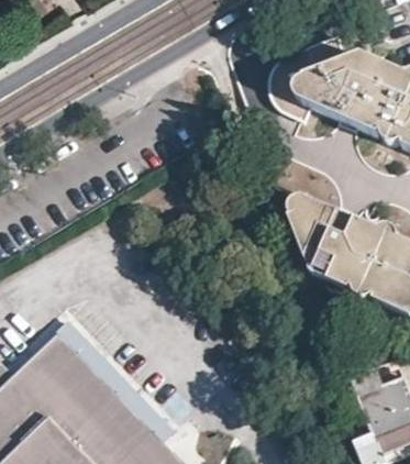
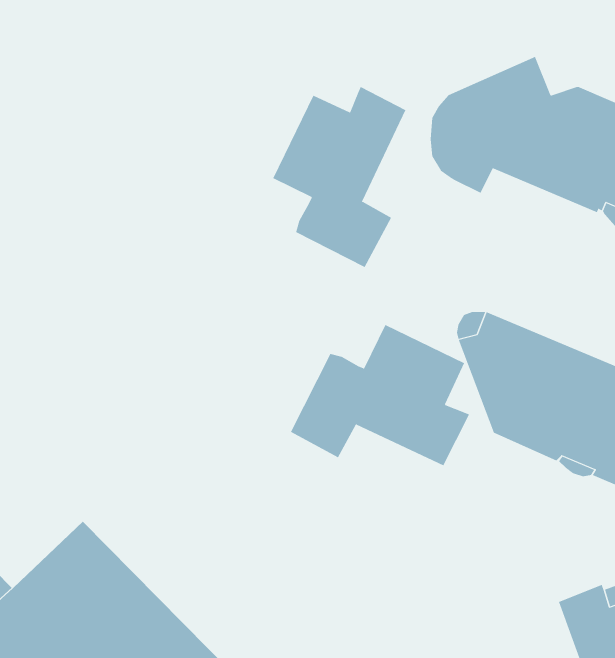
building: none -> [273,86,406,268]
building: none -> [290,324,470,466]

